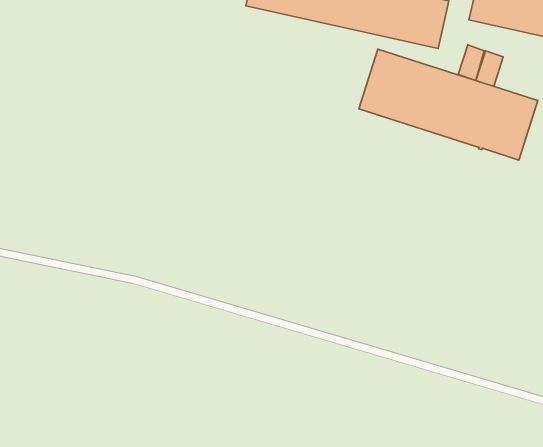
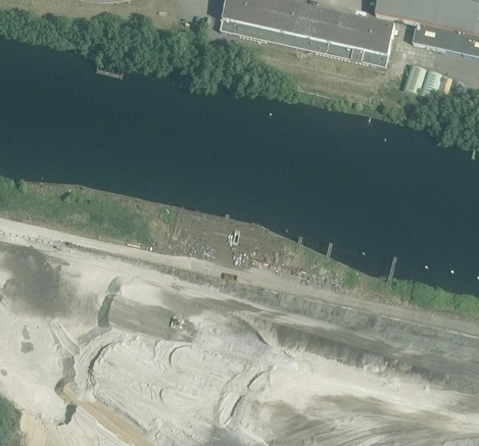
building: [359,49,538,160] -> none

